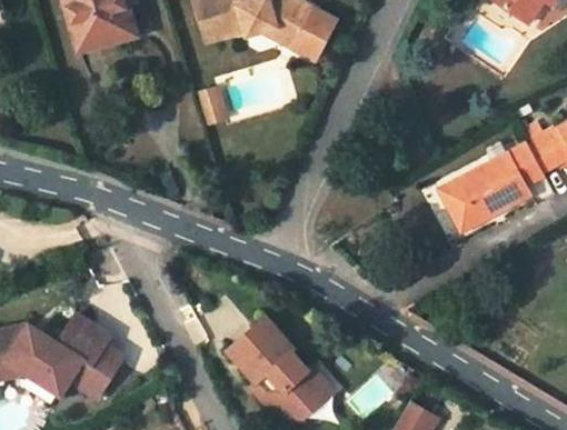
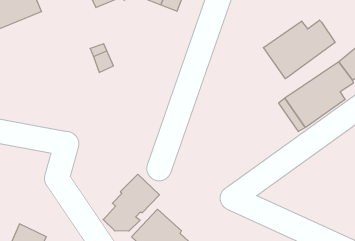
building: none -> [263,20,335,79]
building: none -> [103,174,159,231]

